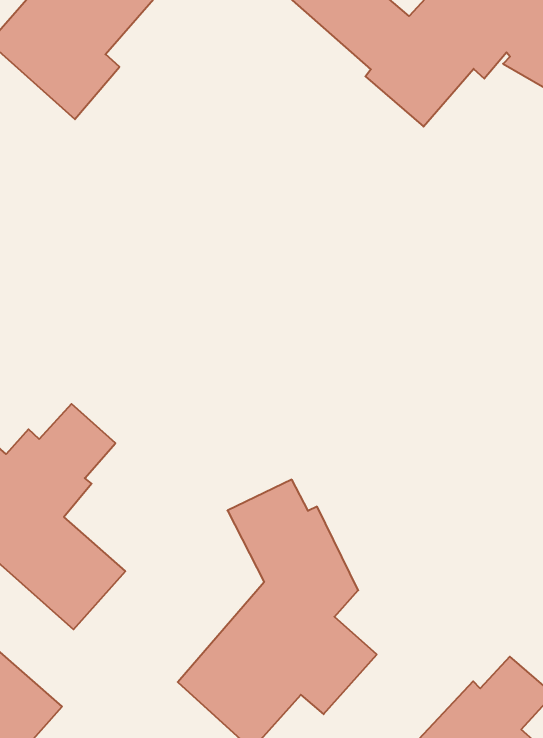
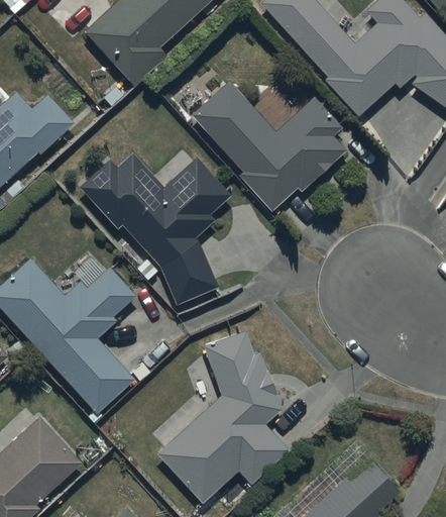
building: none -> [191,81,346,211]
building: none -> [82,154,229,303]

